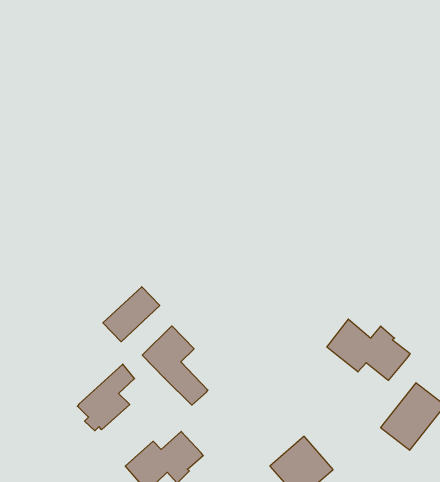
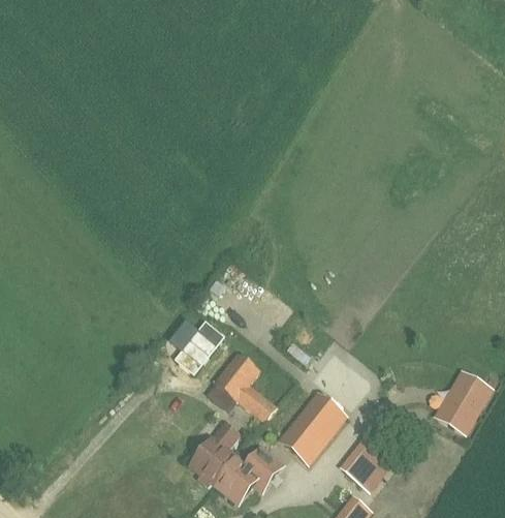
building: [327,319,410,380] -> none
building: [77,364,135,431] -> [188,423,235,486]
building: none -> [281,396,343,462]

